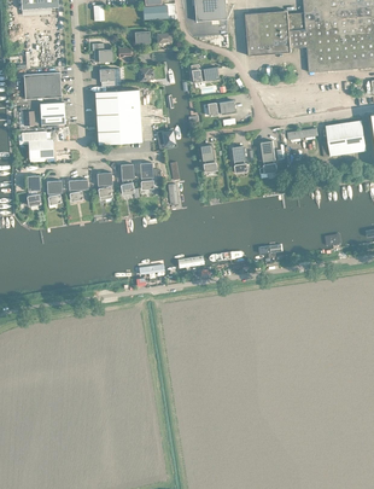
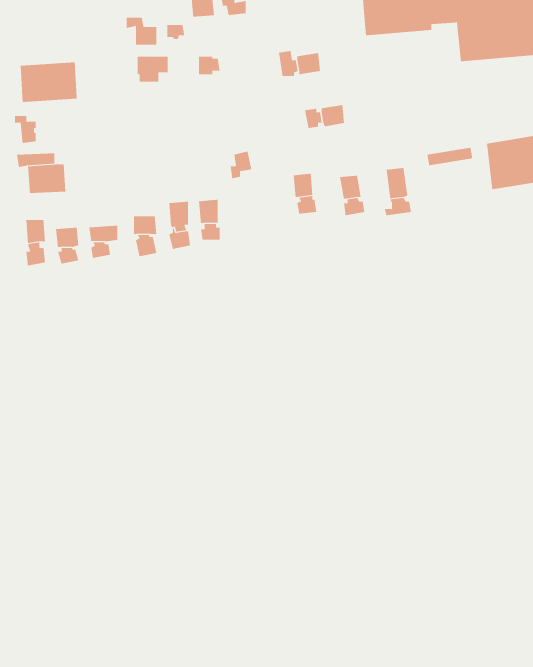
building: [94,89,141,144] -> none
building: [39,103,65,124] -> none

